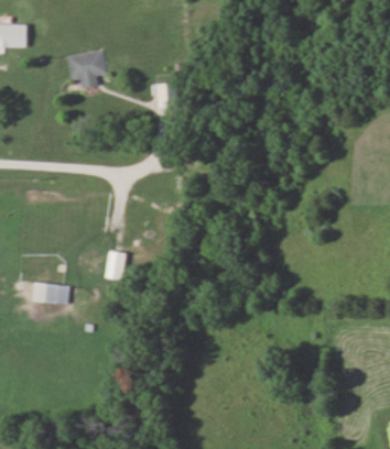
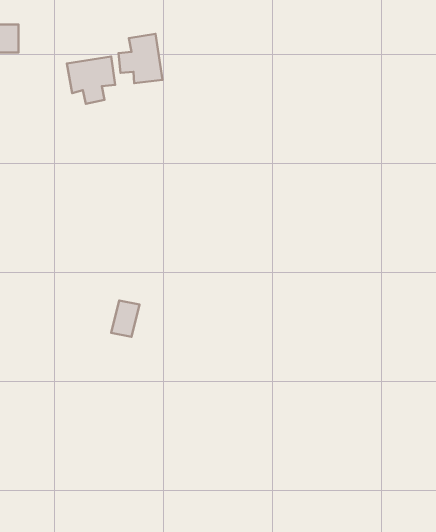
building: none -> [119,34,162,83]
building: [34,283,69,302] -> none

